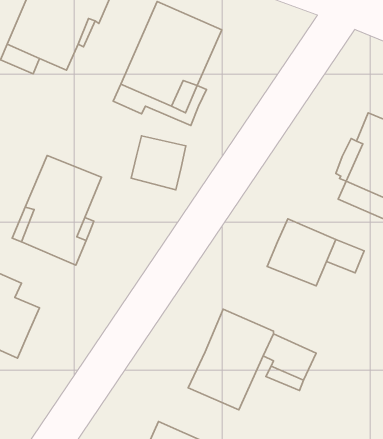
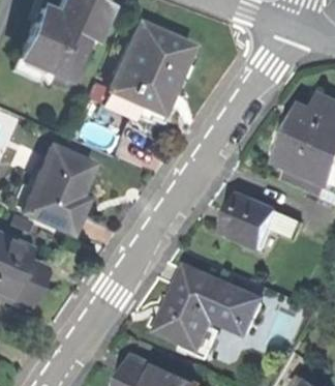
building: [131,136,186,190] -> none

